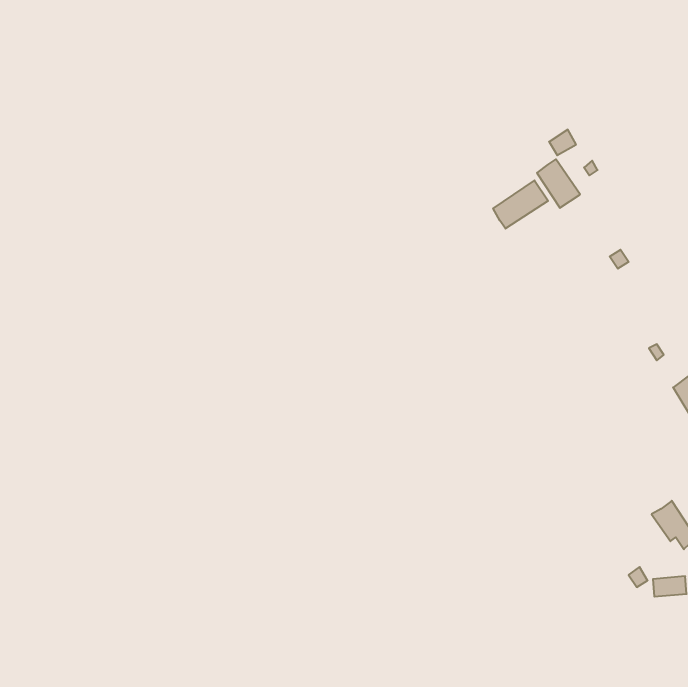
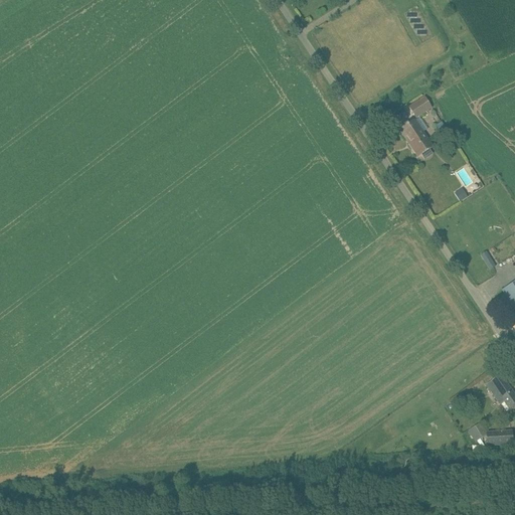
building: [493,180,548,229] -> none

